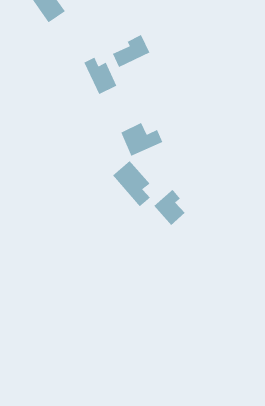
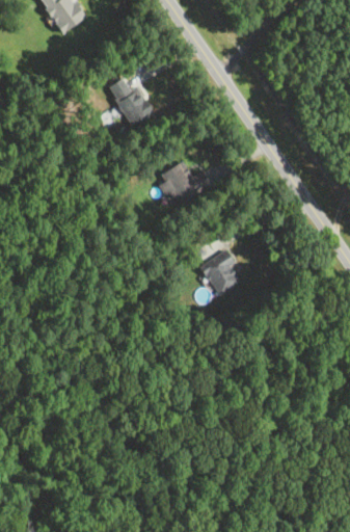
building: [112,34,150,68] -> none
building: [112,160,151,207] -> none

